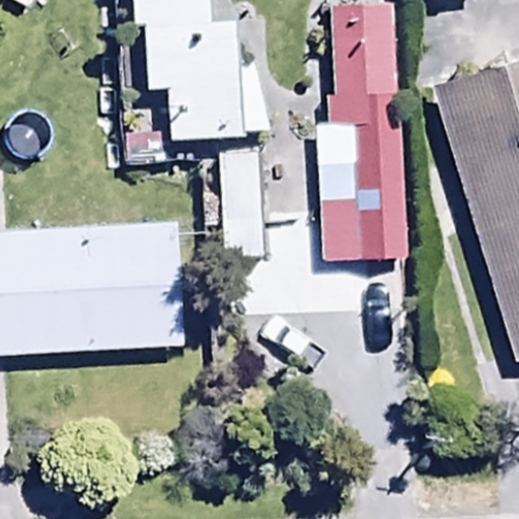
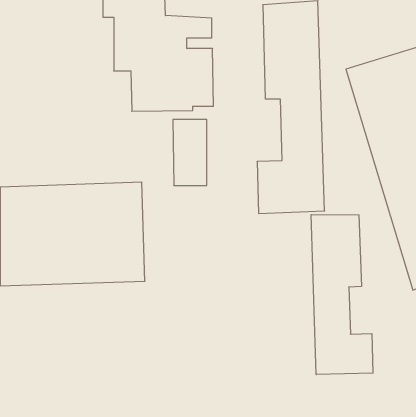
building: none -> [311,215,373,375]

